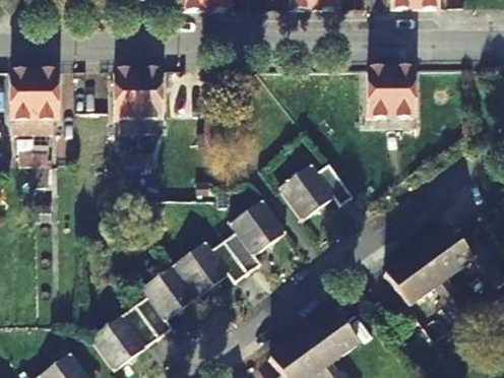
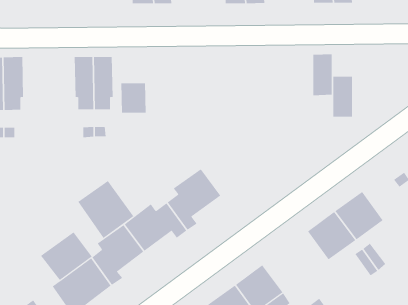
building: [368,67,391,115] -> [333,76,353,117]
building: none -> [121,82,146,114]
building: [279,161,352,218] -> none
building: none -> [77,180,134,239]
building: none -> [40,232,92,281]

